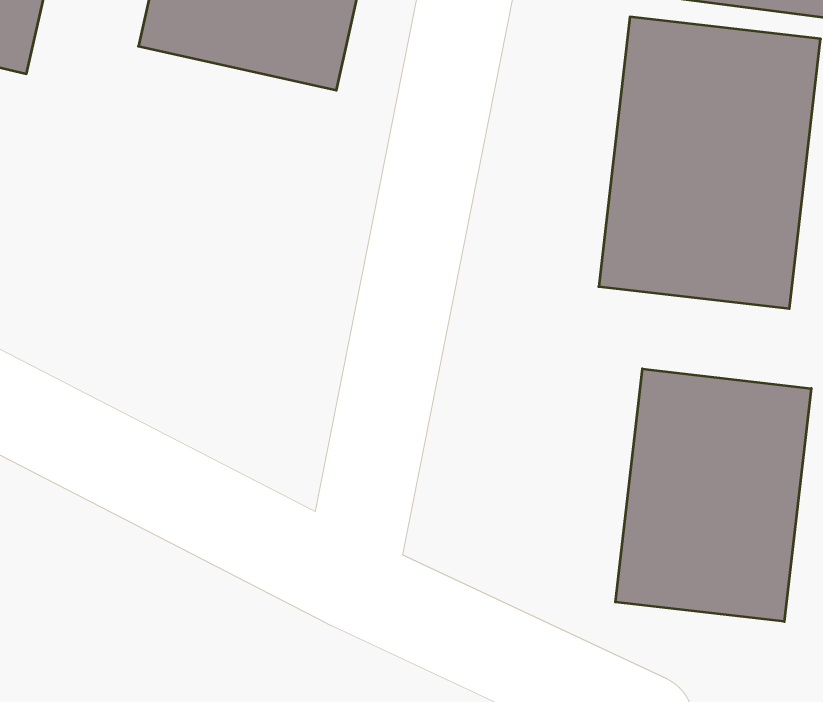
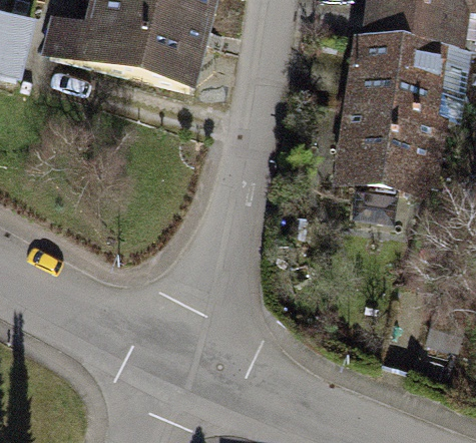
building: [615,369,811,622] -> none

